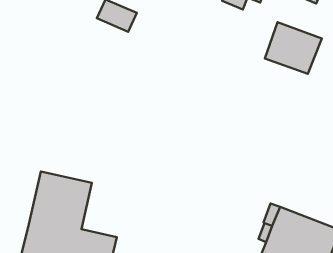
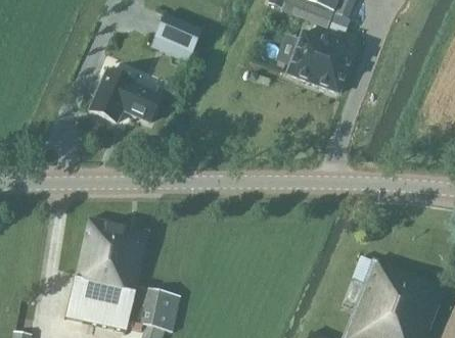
building: [265,22,322,74] -> [287,31,355,92]
building: none -> [89,68,162,122]

